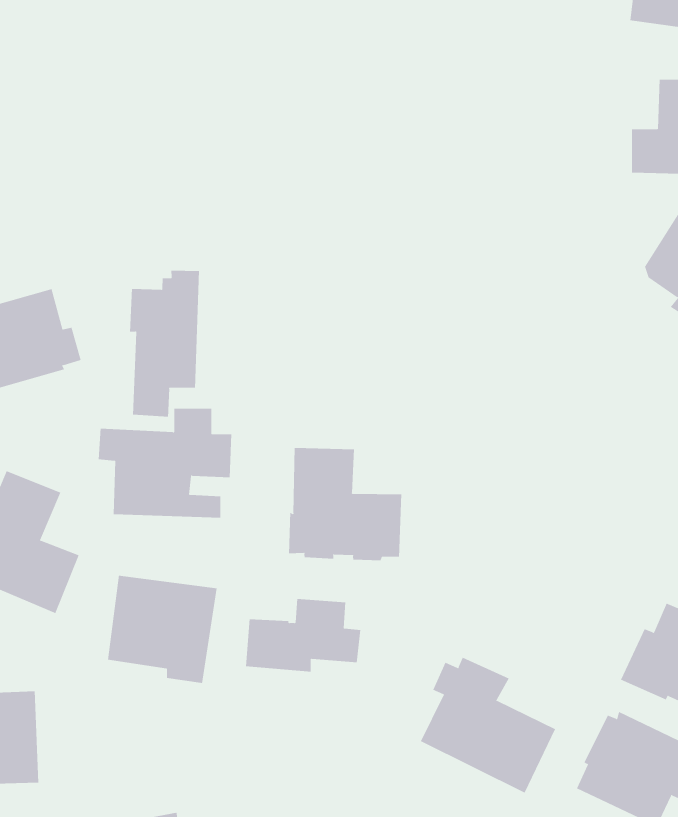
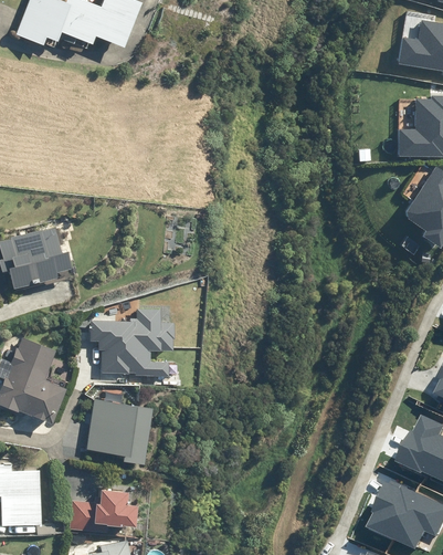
building: [130,270,199,417] -> none
building: [288,447,402,561] -> none
building: [245,599,361,672] -> [68,489,138,533]
building: [420,657,556,793] -> none

